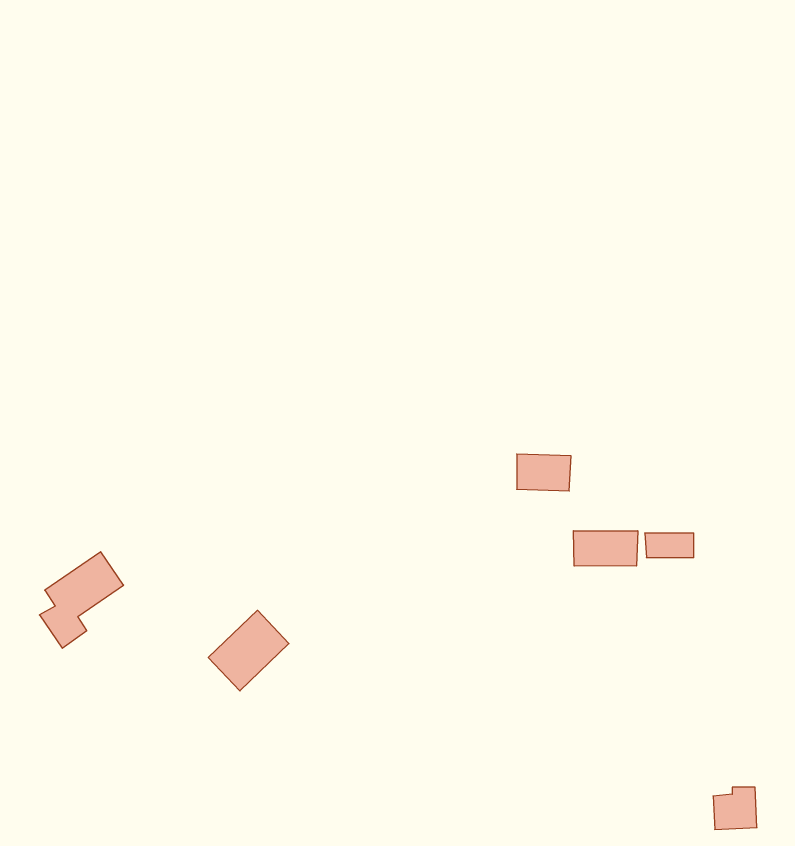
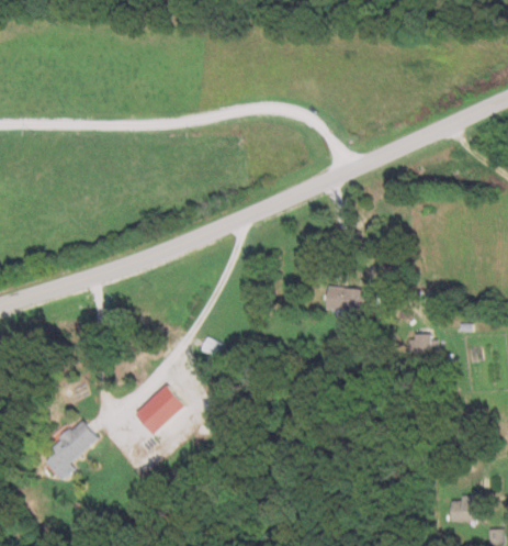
building: [573,531,638,566] -> none
building: [39,552,124,648] -> [45,420,98,480]

